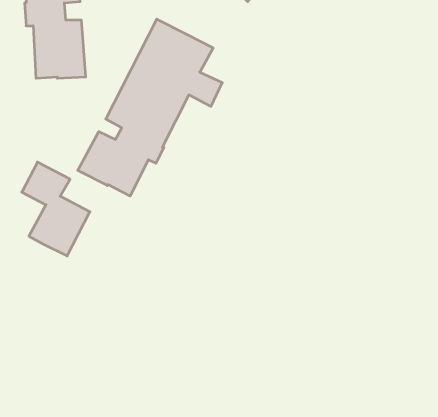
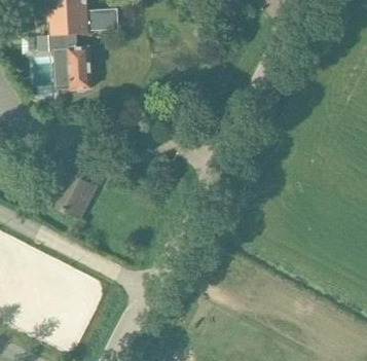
building: [78,19,222,196] -> none

